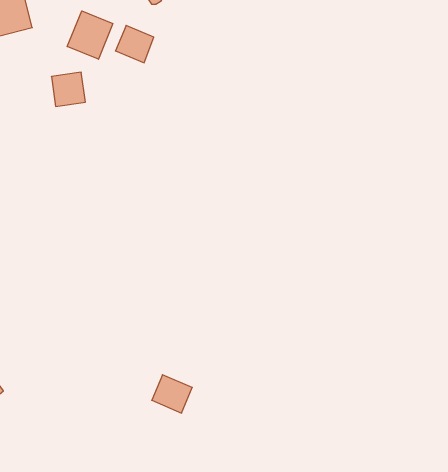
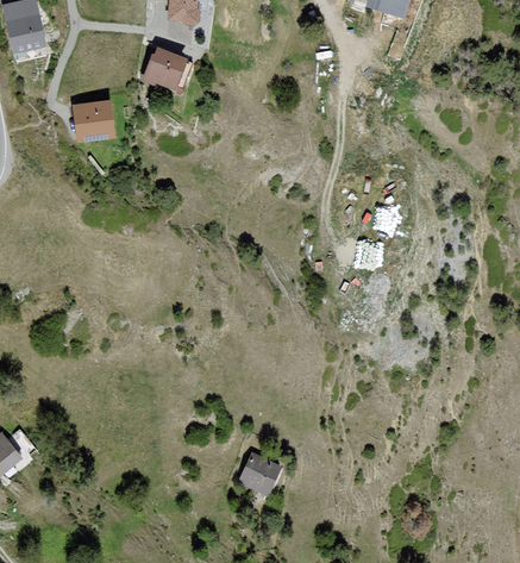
building: [67,11,113,59] -> none
building: [152,375,192,413] -> [240,452,286,495]

